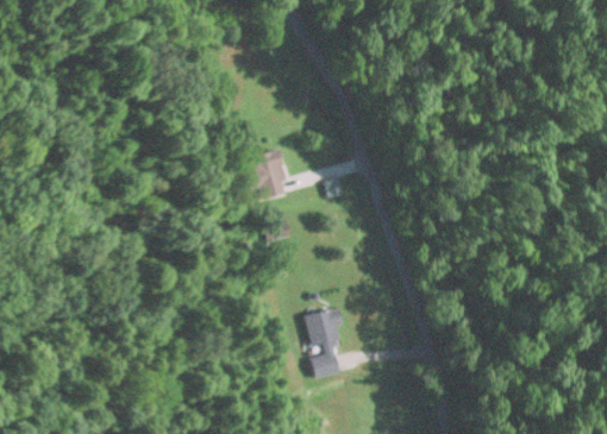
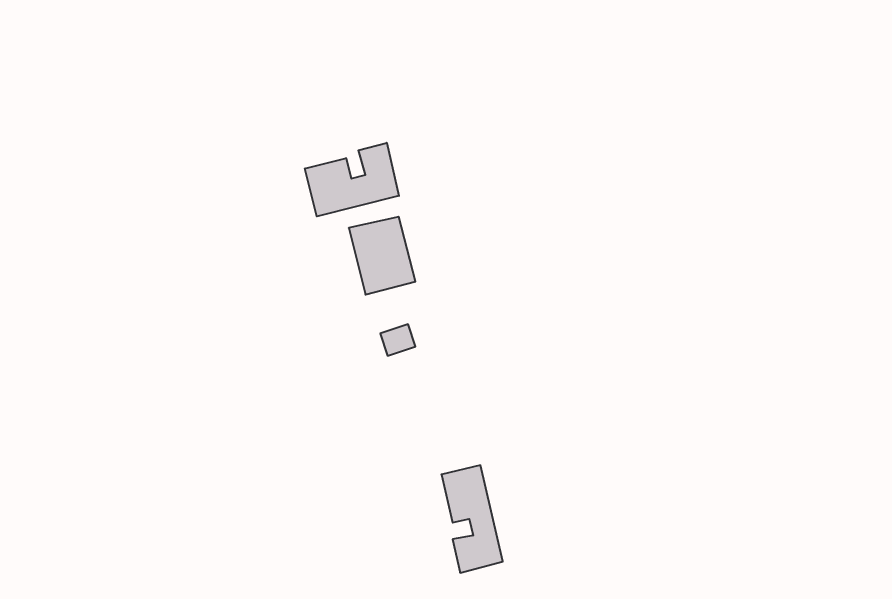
building: none -> [305,143,399,216]

